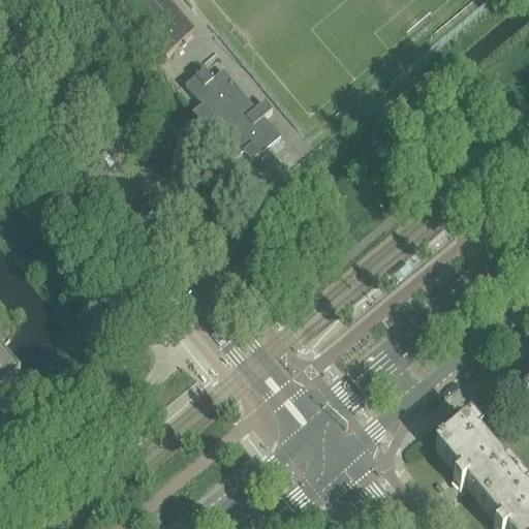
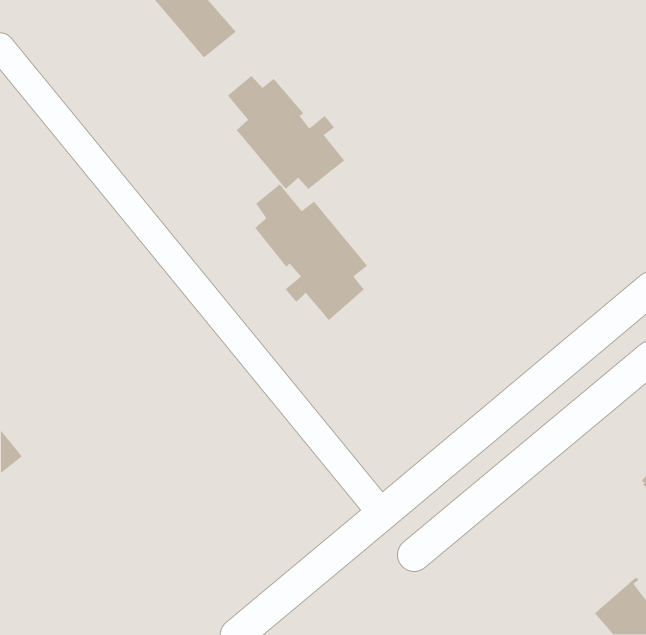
building: none -> [254,183,368,321]
building: [438,411,520,497] -> none

